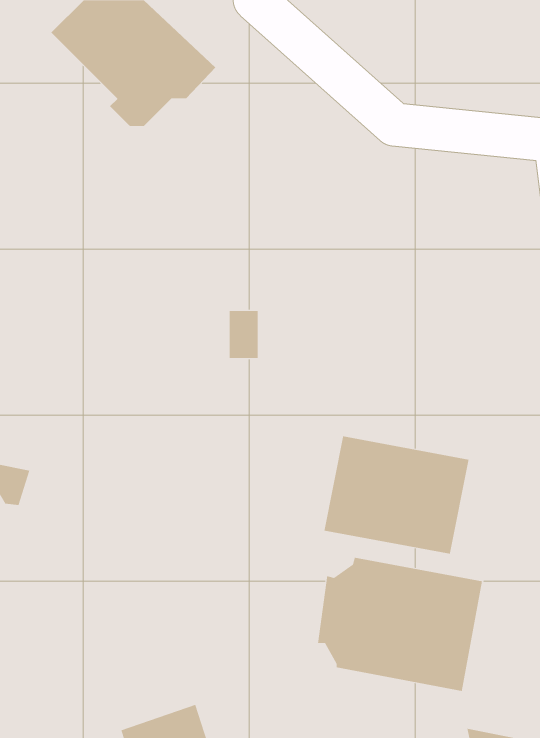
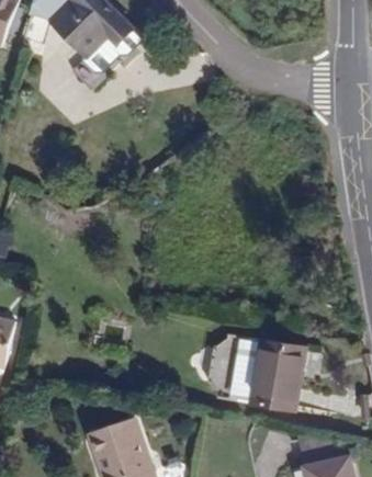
building: [324,436,469,554] -> none

